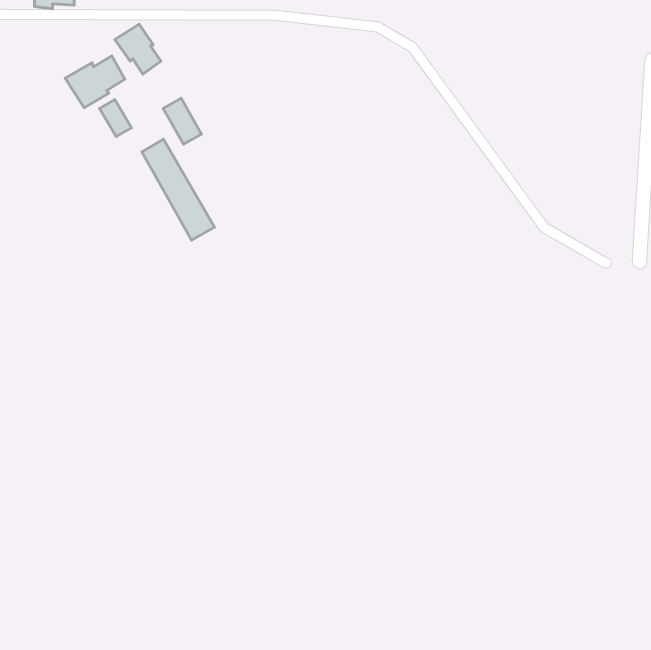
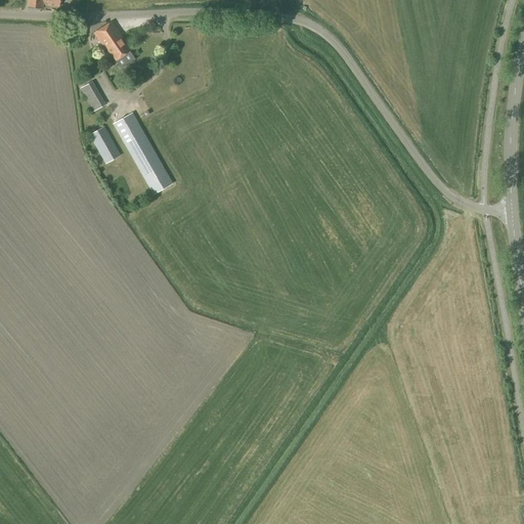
building: [65,56,125,108] -> none
building: [163,98,201,144] -> [90,125,121,162]

